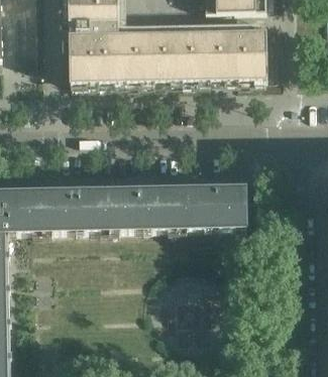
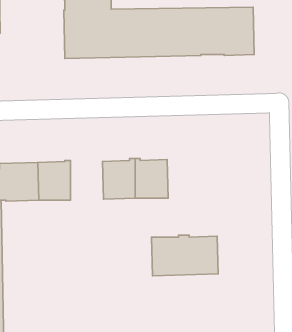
building: [177,185,246,228] -> [151,235,218,276]
building: [76,187,110,230] -> none

